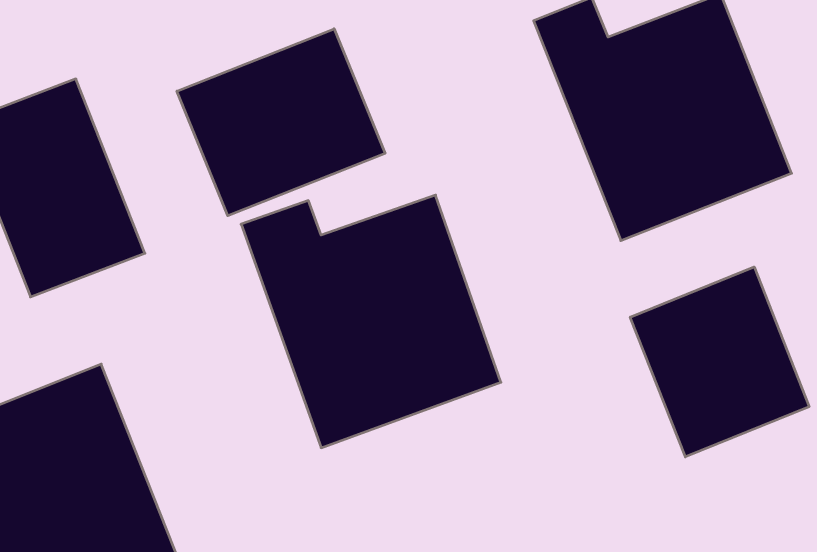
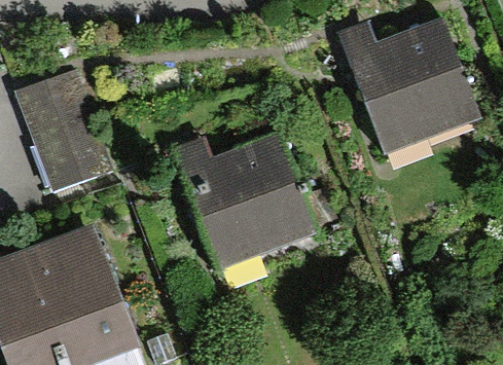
building: [177,29,385,216] -> none
building: [630,267,809,457] -> none

